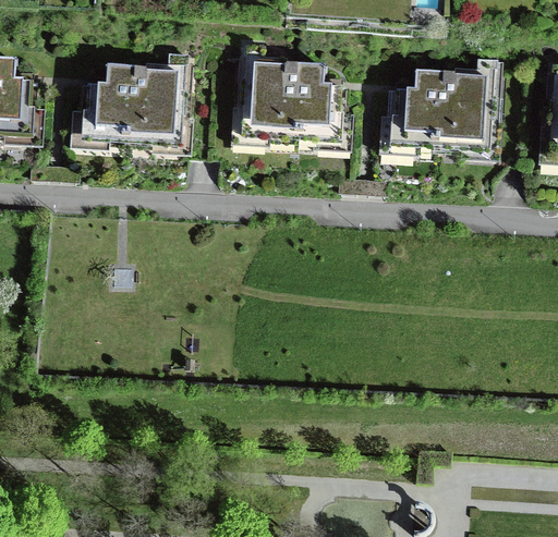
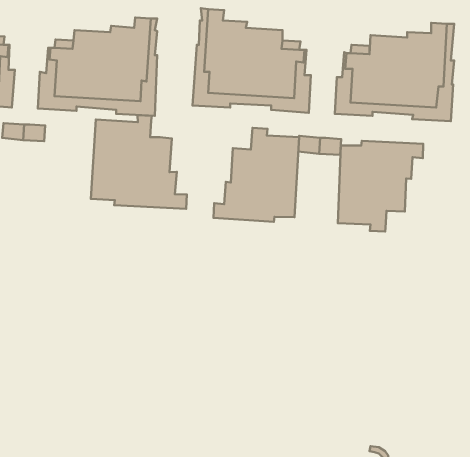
building: none -> [91,115,187,209]
building: none -> [213,128,299,222]
building: none -> [338,141,423,231]

